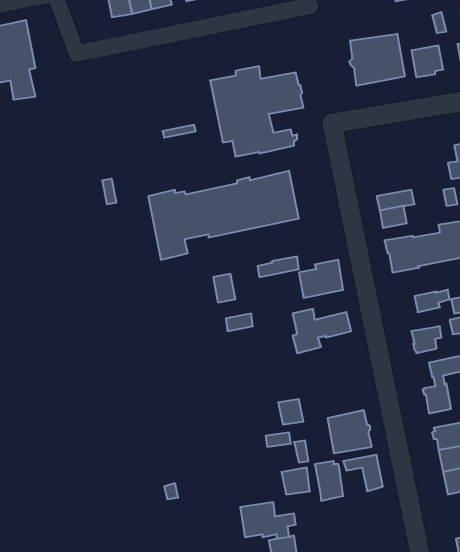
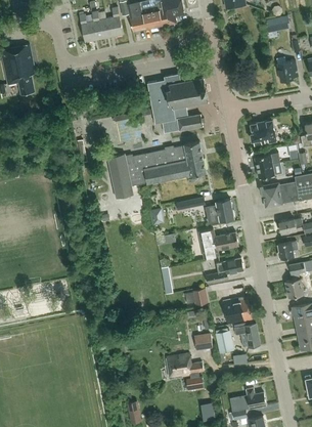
building: [349,34,405,86] -> none
building: none -> [251,120,276,145]
building: none -> [206,258,243,285]

